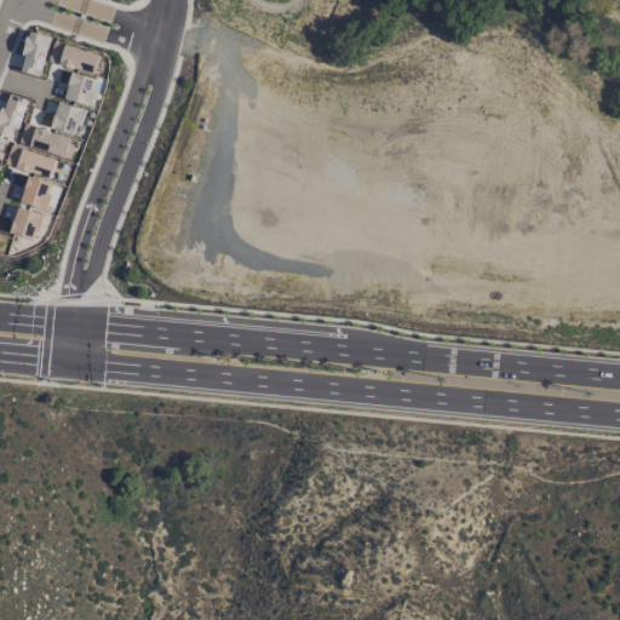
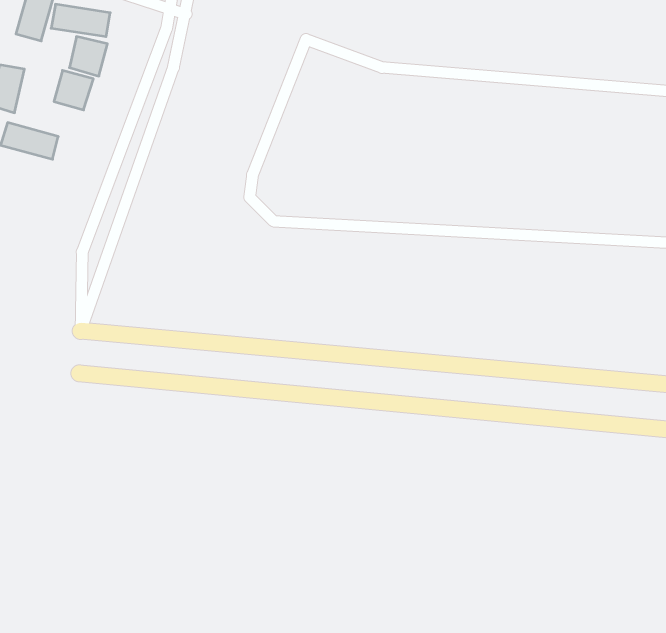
building: [30,127,78,156] -> none
building: [22,176,54,208] -> none
building: [11,206,44,239] -> none

